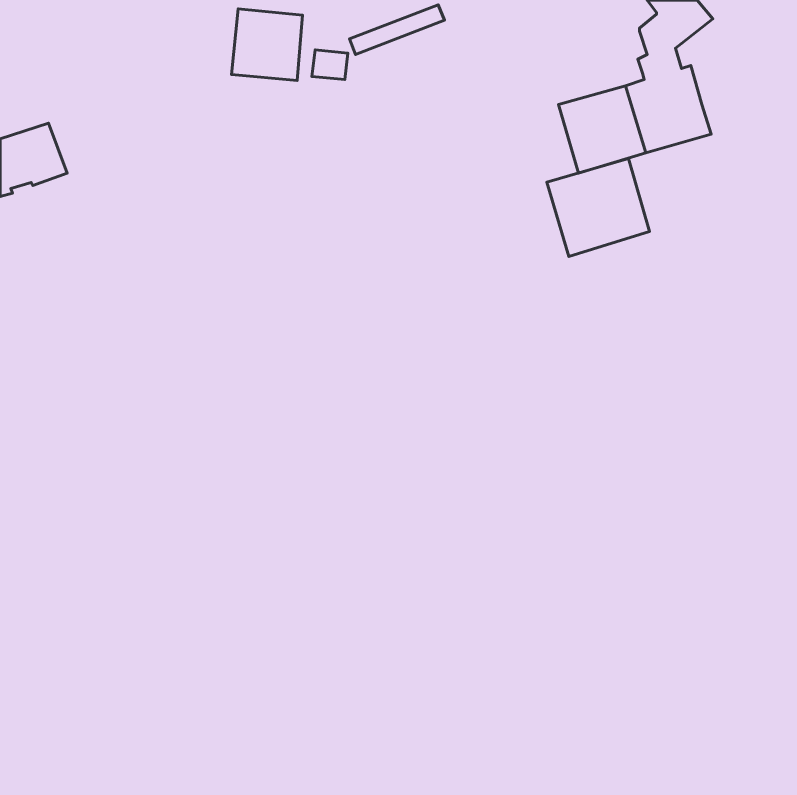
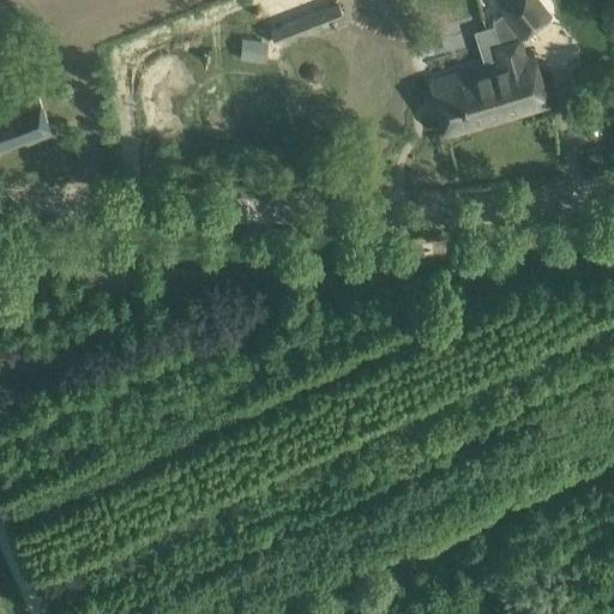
building: [231,9,302,81] -> none
building: [547,159,649,256] -> none

